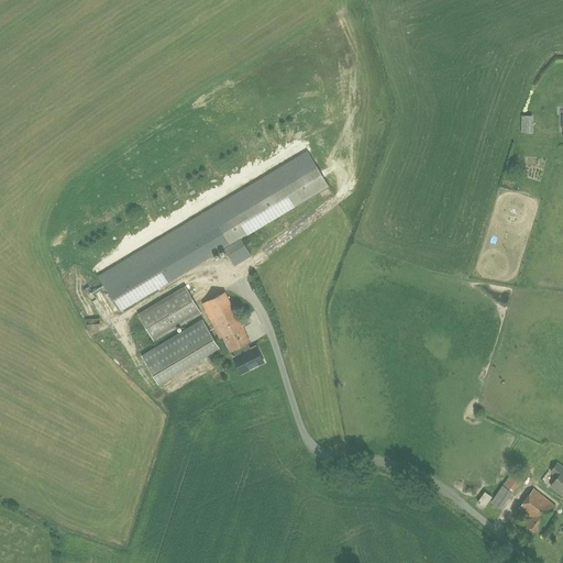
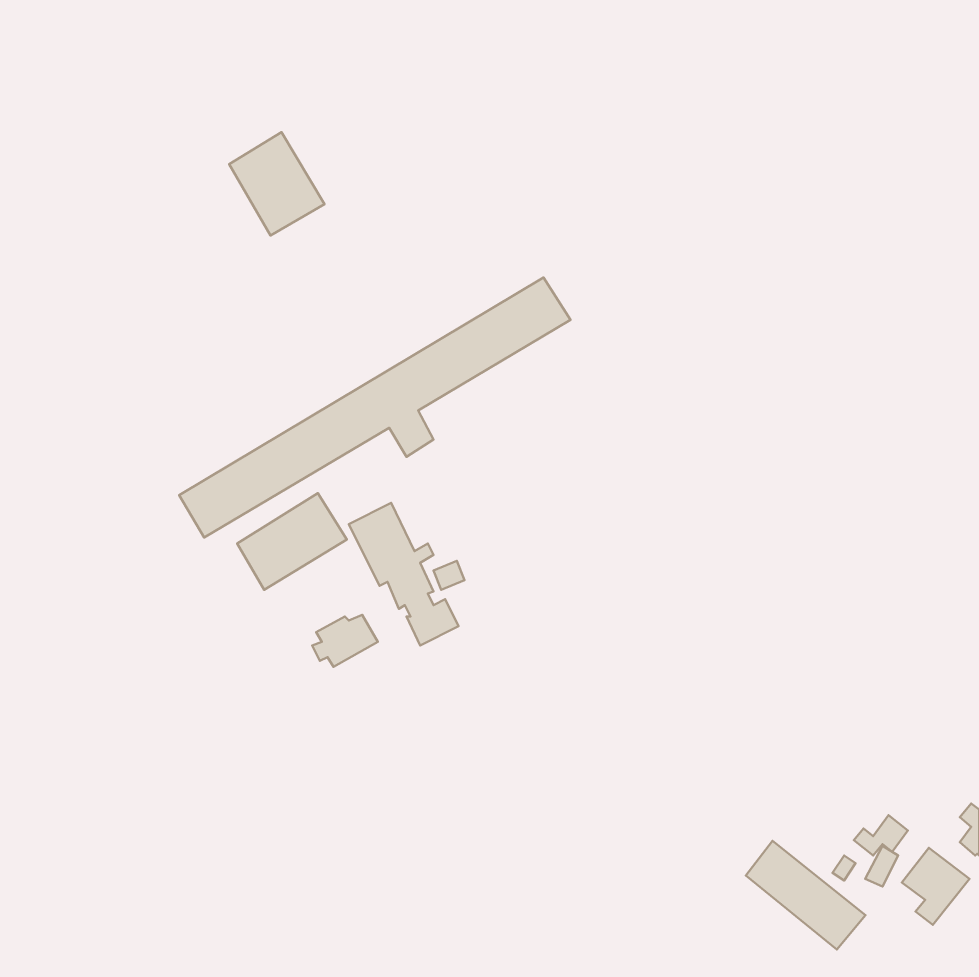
building: none -> [229,132,324,236]
building: [139,314,211,371] -> none
building: none -> [746,841,866,950]

